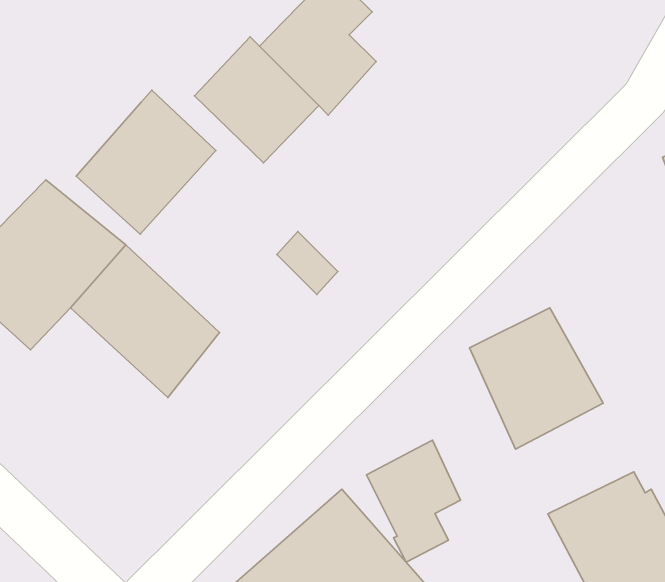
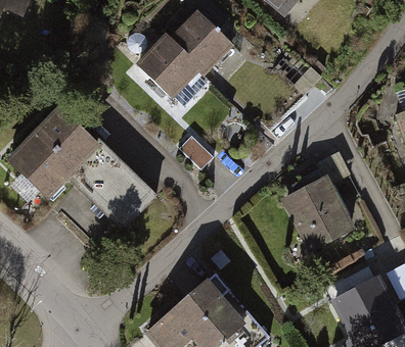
building: [76,90,216,234] -> none
building: [366,440,460,562] -> none

